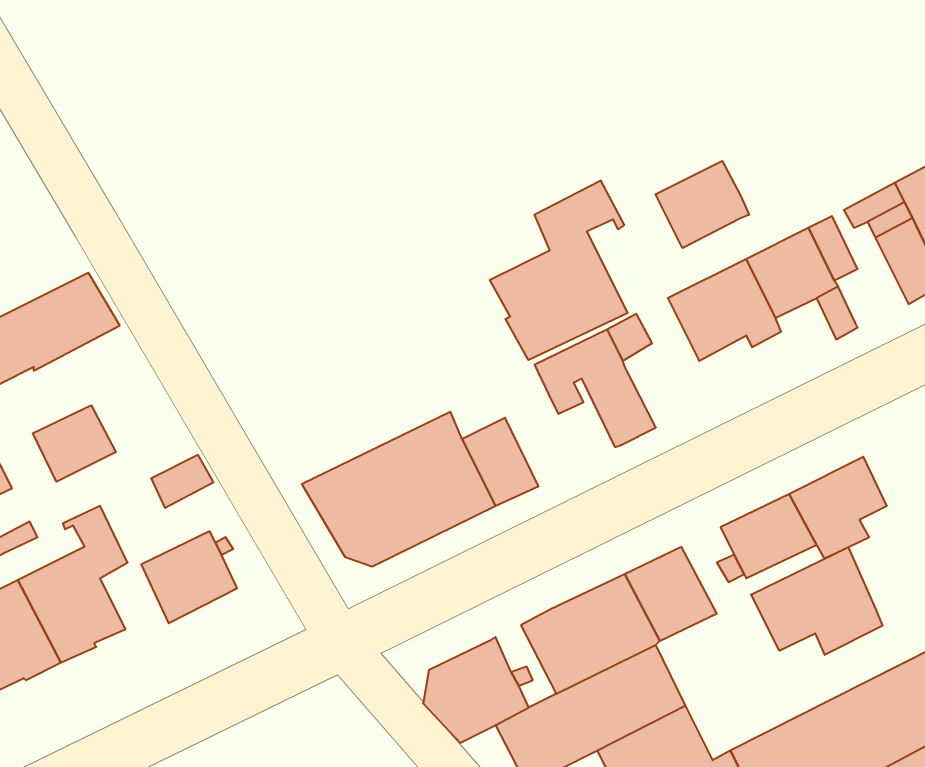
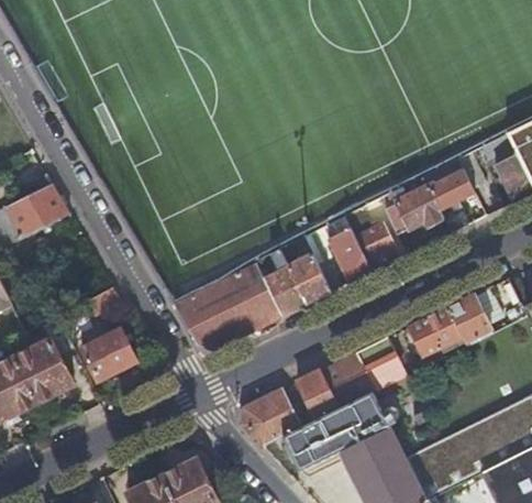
building: [656,161,749,248] -> none
building: [490,180,628,360] -> none
building: none -> [355,223,394,271]
building: none -> [288,252,332,304]
building: [33,405,116,482] -> none
building: [751,547,883,655] -> none

